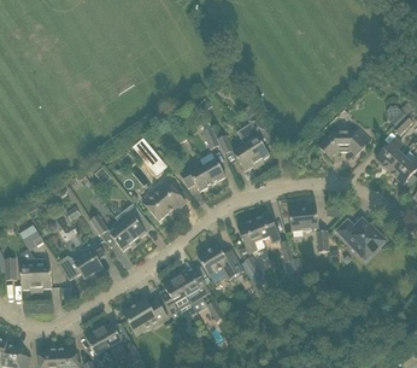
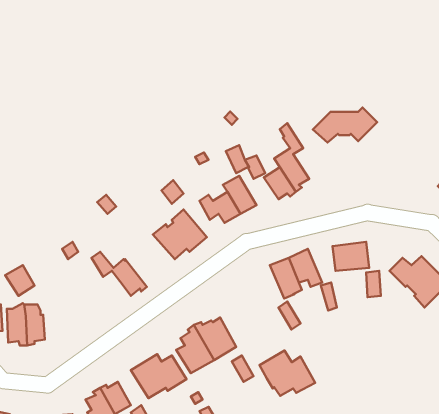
building: [318,128,371,157] -> [313,108,377,143]
building: [118,205,146,244] -> none
building: [58,243,105,280] -> none
building: [198,245,243,282] -> [260,351,315,396]

